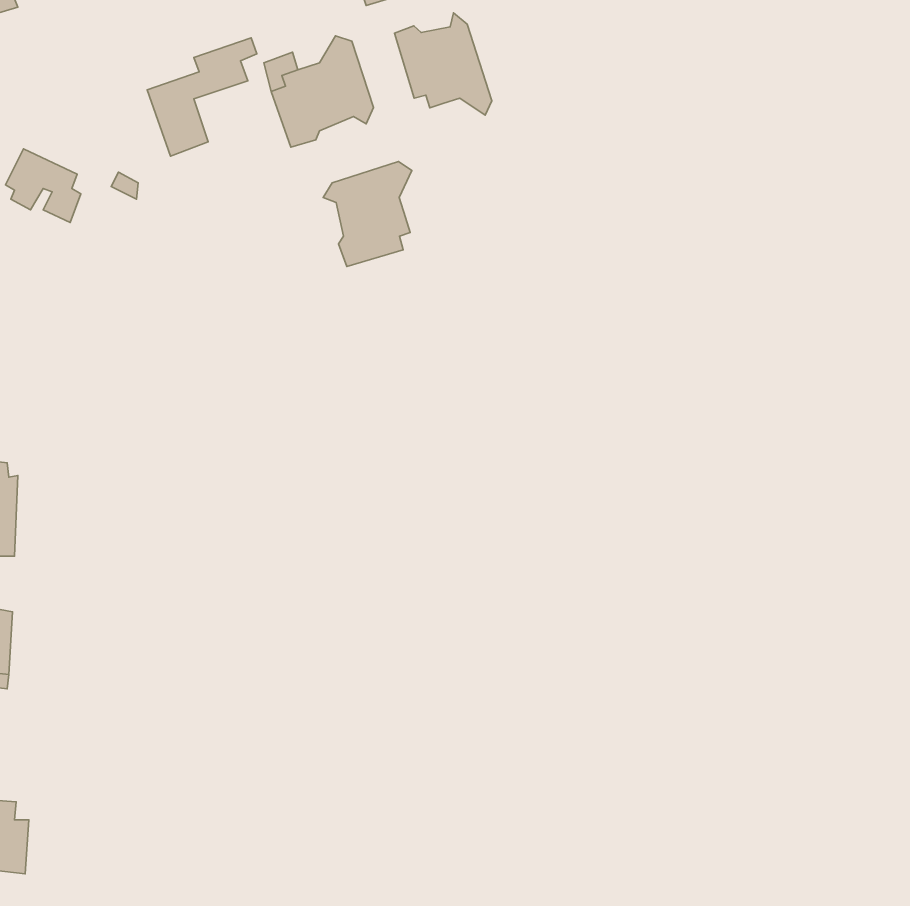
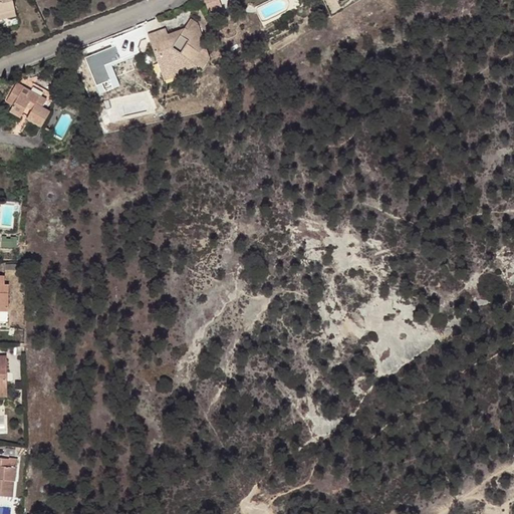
building: [394,13,492,115] -> none
building: [323,161,412,267] -> none

